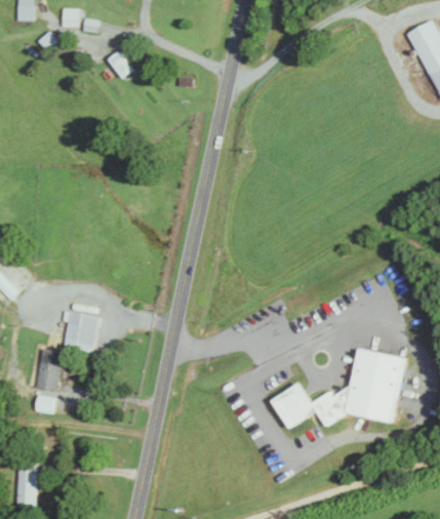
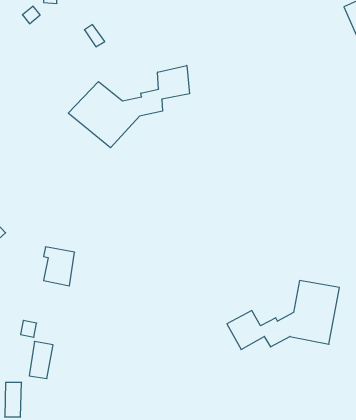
building: none -> [68,65,189,148]
building: [36,348,64,391] -> [29,341,53,379]

